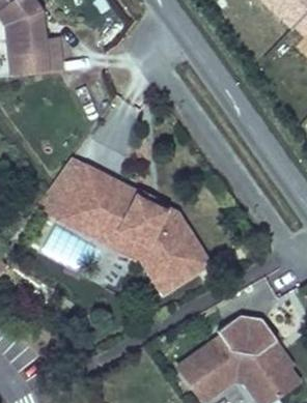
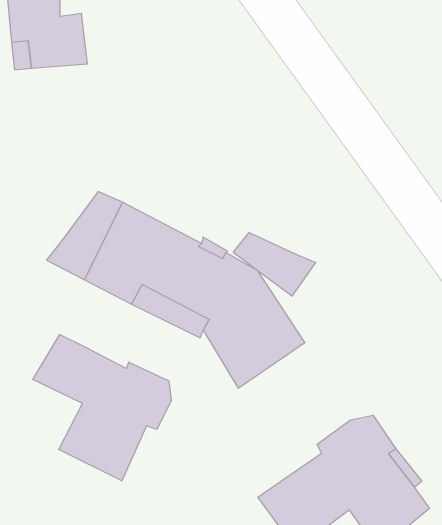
building: none -> [233,232,316,296]
building: none -> [33,335,171,481]

